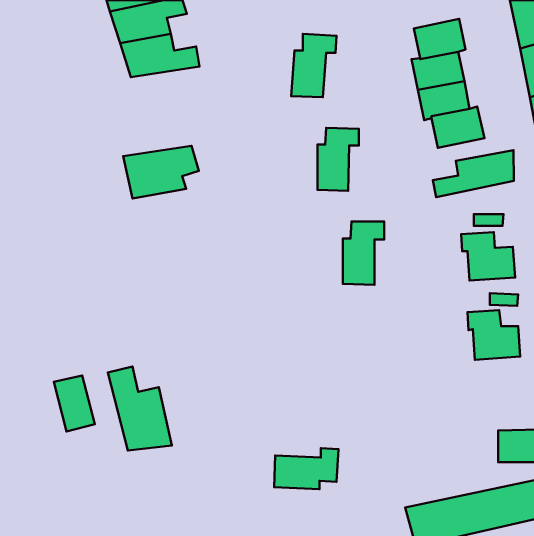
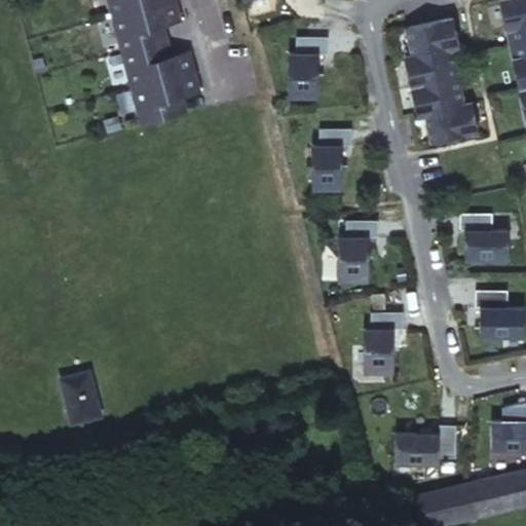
building: [123,146,199,198] -> [133,68,206,119]
building: [433,150,514,197] -> none
building: none -> [363,311,404,373]
building: [108,366,172,450] -> none
building: [274,448,339,489] -> [392,424,455,464]

